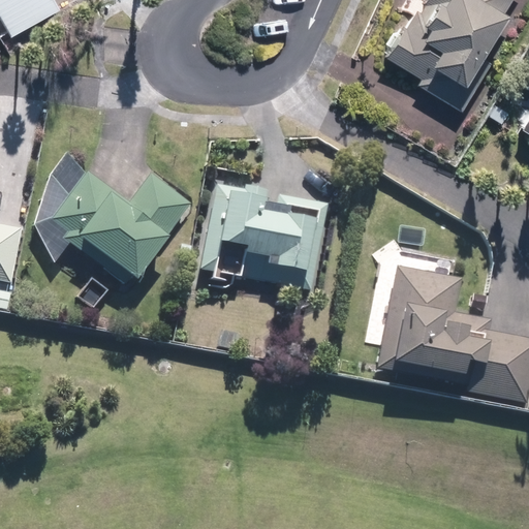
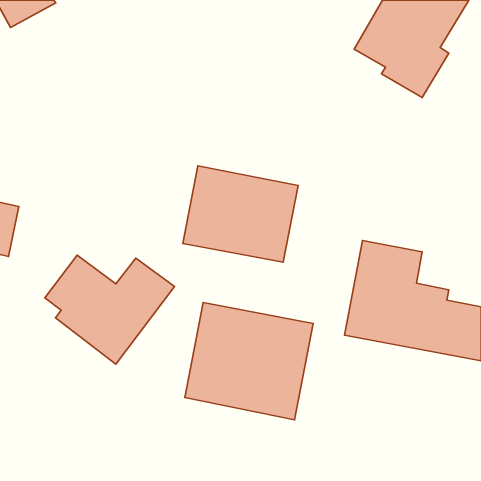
building: [51,172,192,290] -> [45,255,175,364]
building: none -> [185,302,313,420]

